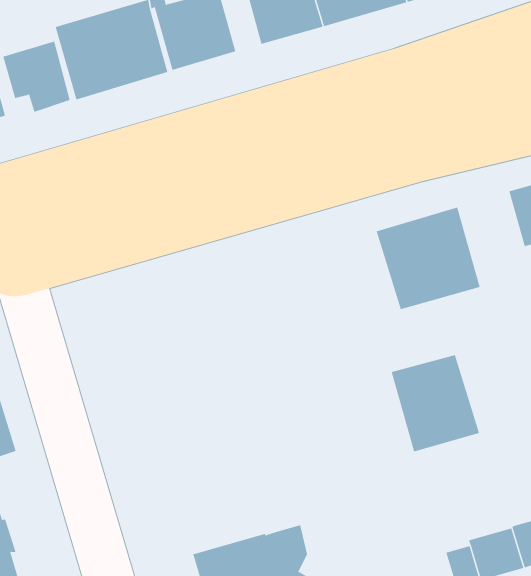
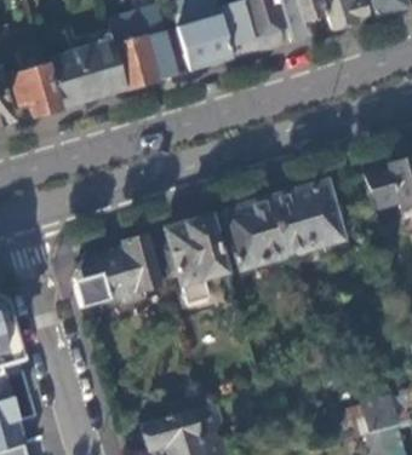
building: none -> [161,217,224,284]
building: none -> [74,235,160,309]
building: [391,354,480,452] -> [224,200,286,267]

